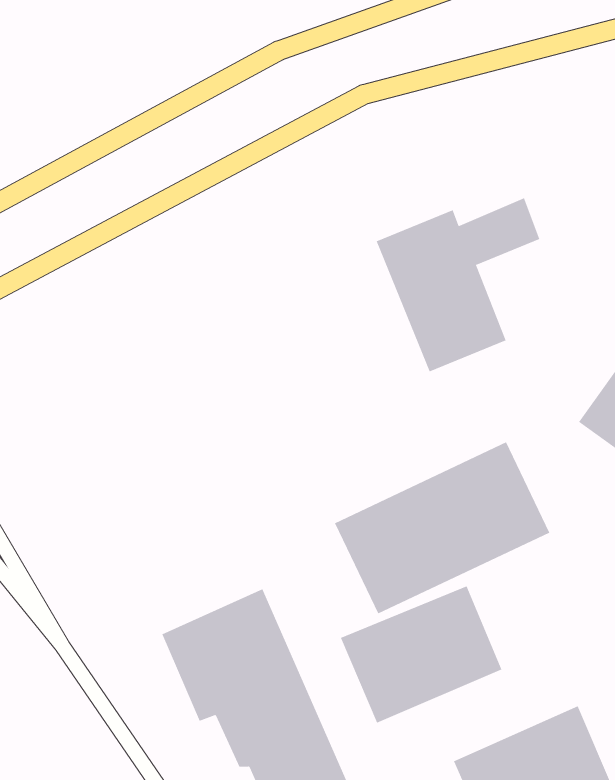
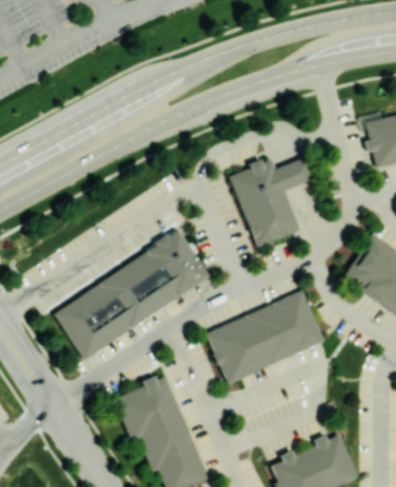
building: none -> [50,229,206,358]
building: [340,585,502,724] -> none

